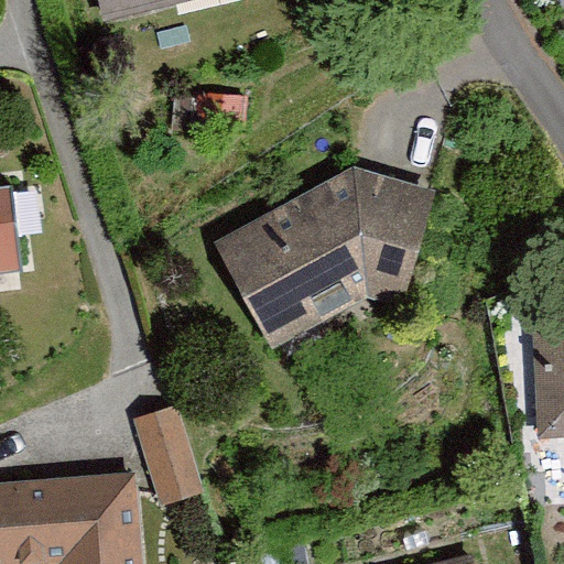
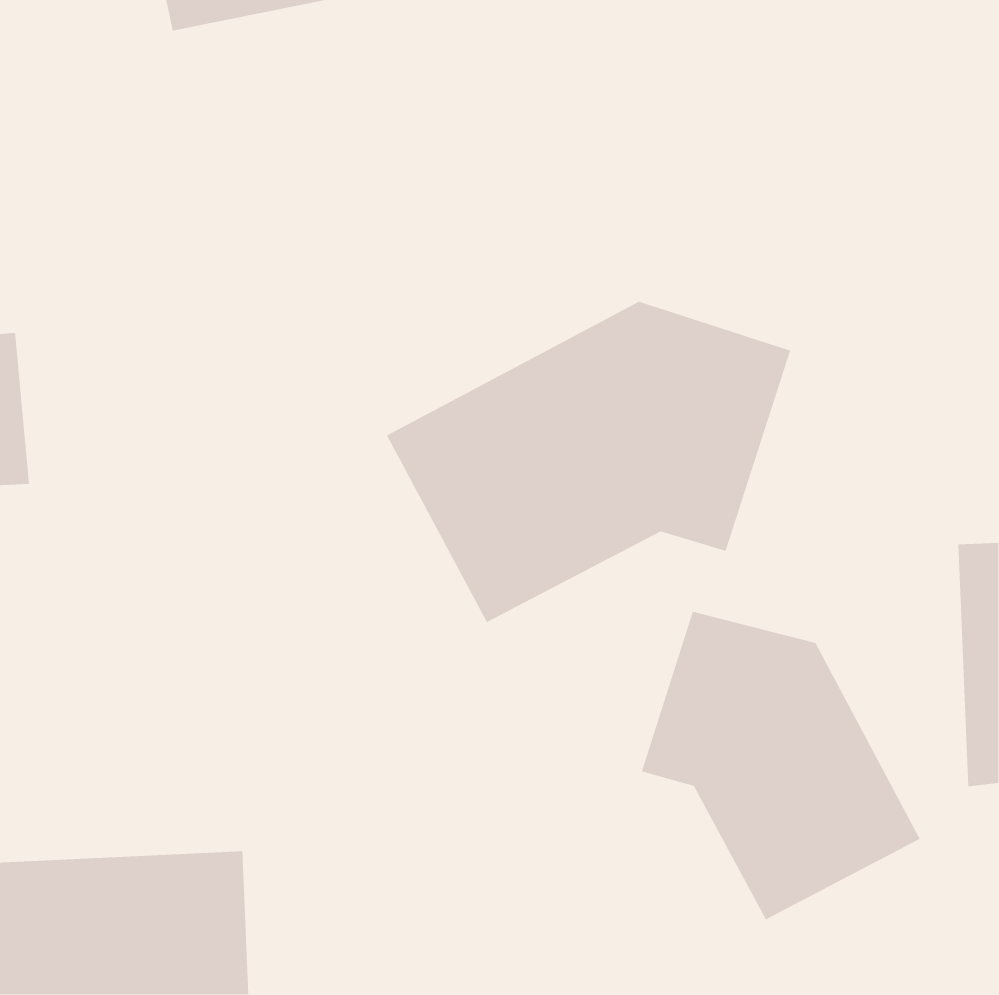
building: none -> [641,611,921,921]
building: [128,405,204,507] -> none

